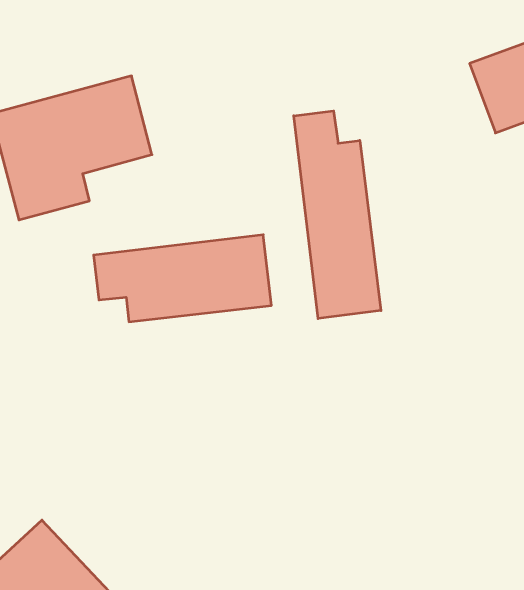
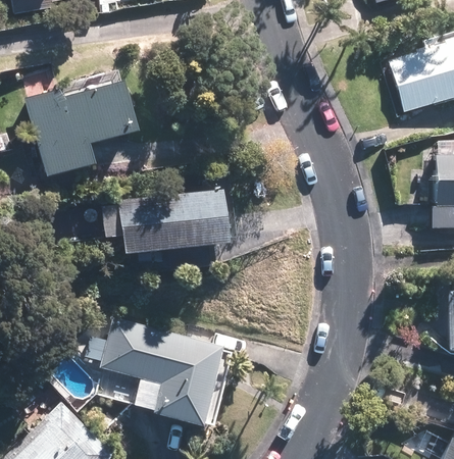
building: [294,111,381,319] -> none
building: none -> [84,317,226,423]

